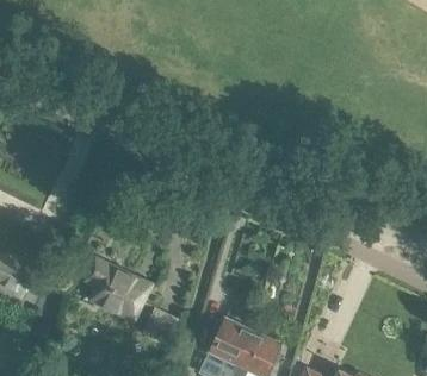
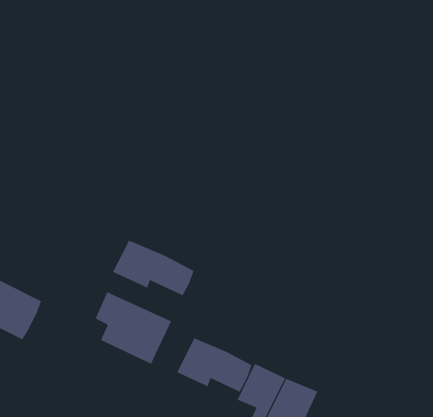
building: none -> [112,240,194,296]
building: none -> [176,337,252,393]

